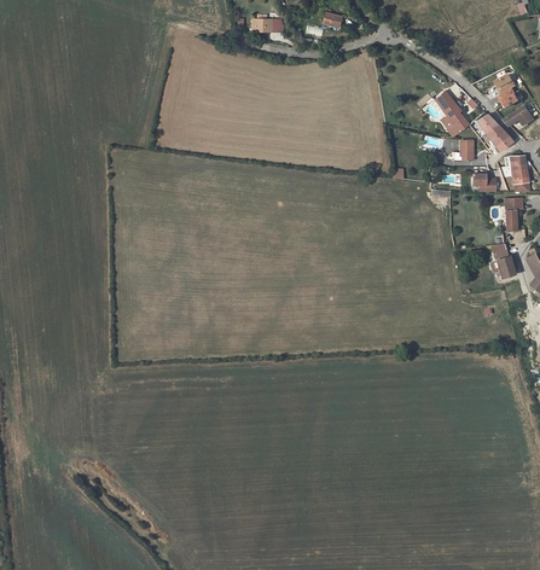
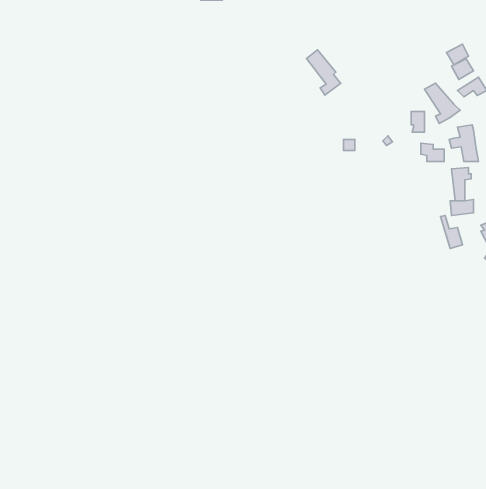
building: [432,89,466,134] -> [307,50,341,95]

